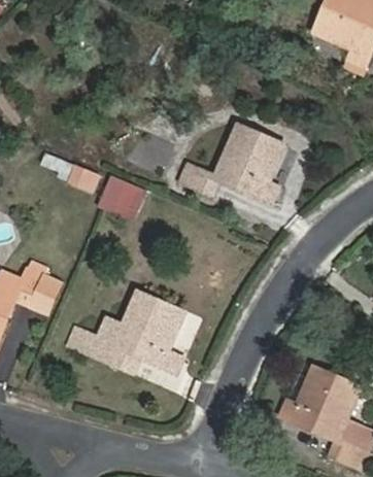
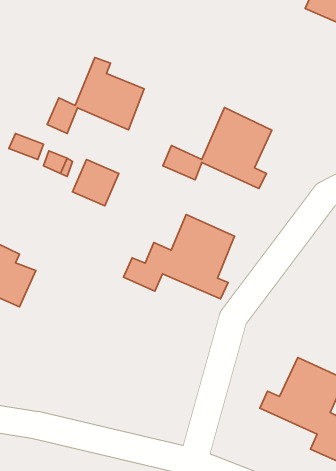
building: none -> [47,57,144,133]
building: [78,295,184,375] -> [124,215,235,299]

